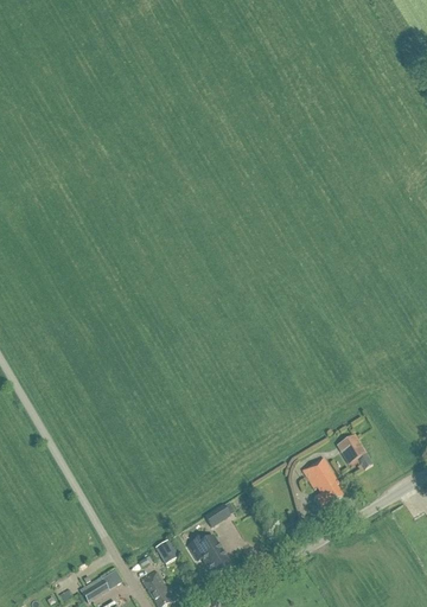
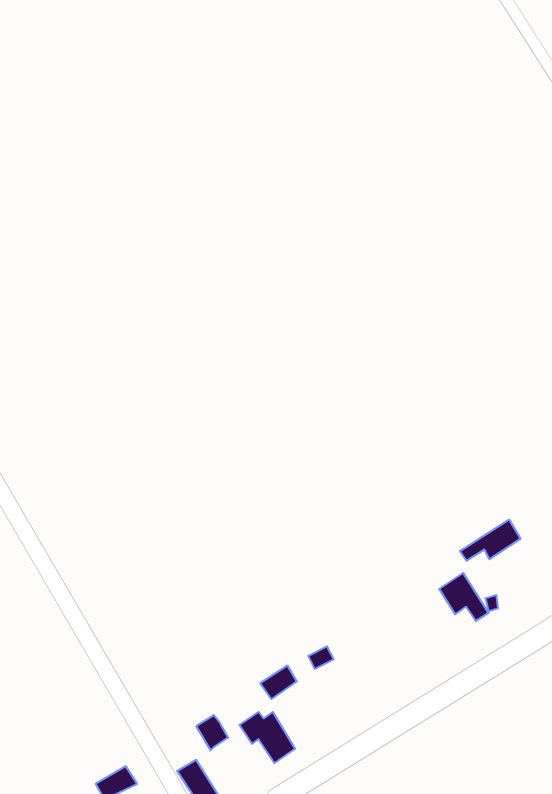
building: none -> [460,520,521,561]
building: [302,458,344,509] -> none

